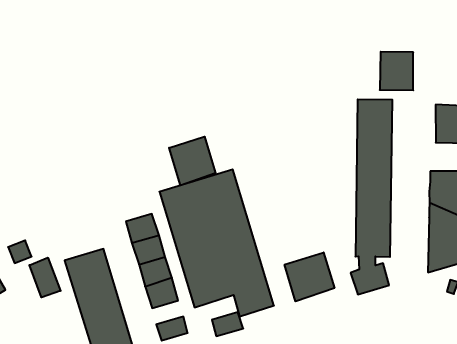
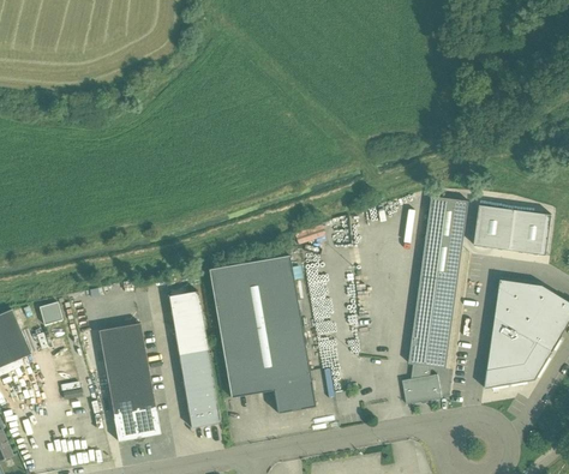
building: [380,52,413,90] -> [474,205,515,251]
building: [169,137,216,185] -> none
building: [285,252,334,301] -> none
building: [29,258,61,297] -> none
building: [212,312,243,336] -> [185,386,217,409]

